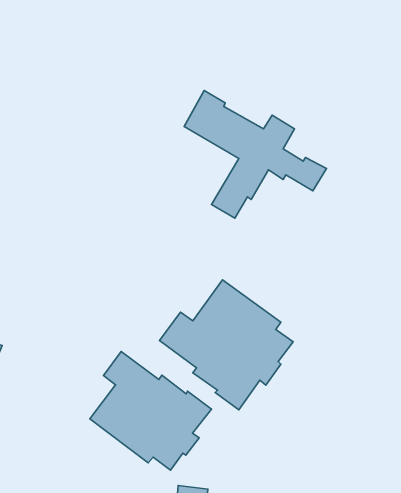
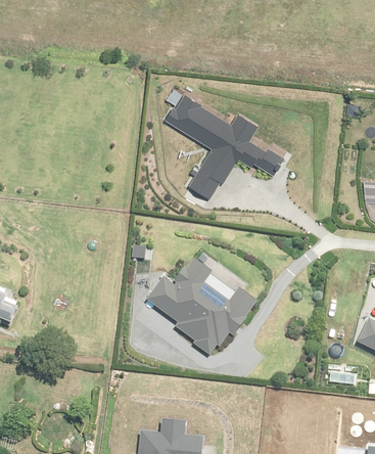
building: [90,351,211,470] -> none

